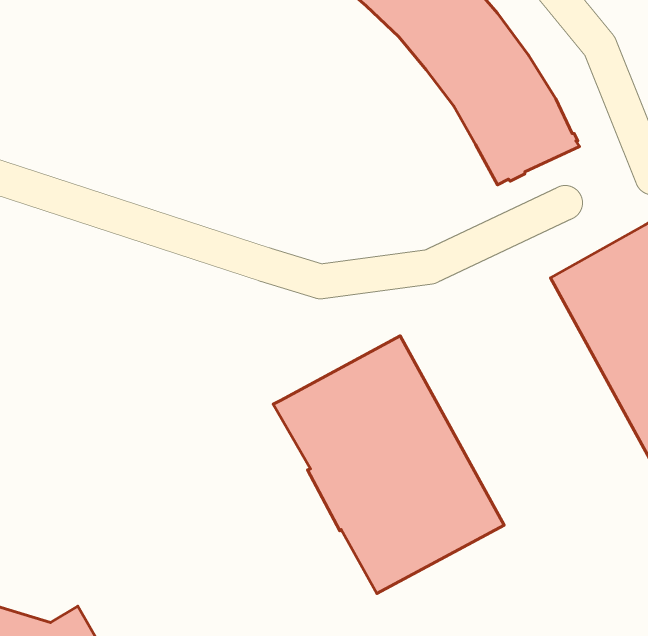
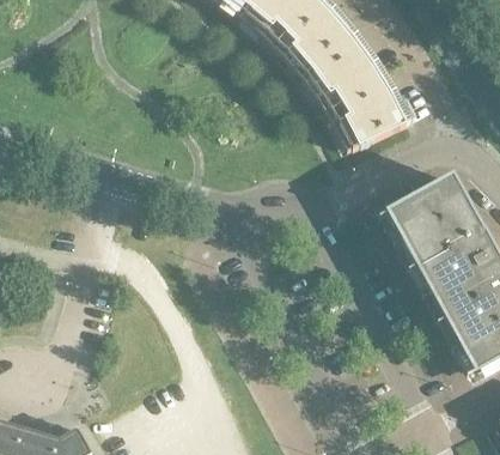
building: [273,336,504,594] -> none

